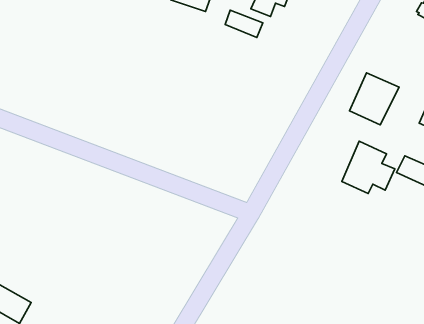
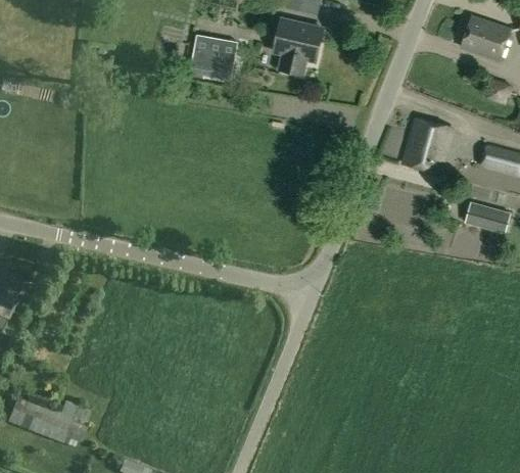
building: [225,10,263,37] -> none
building: [342,141,395,194] -> none

